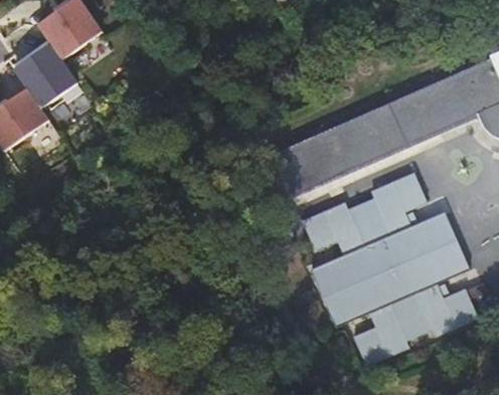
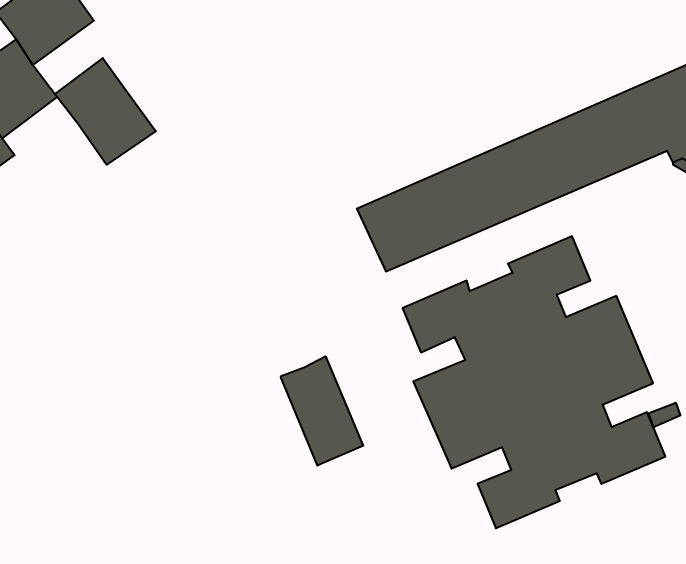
building: none -> [55,58,156,165]
building: none -> [281,356,363,466]

